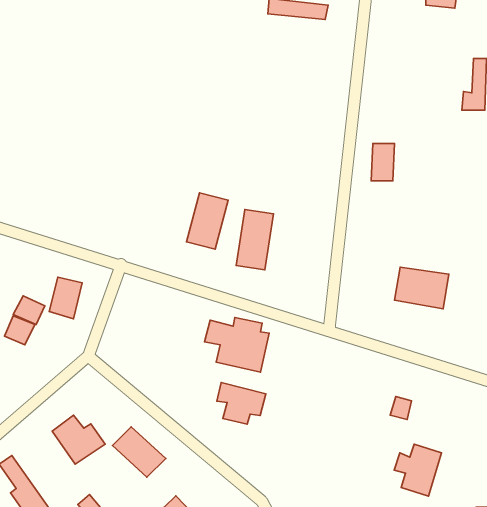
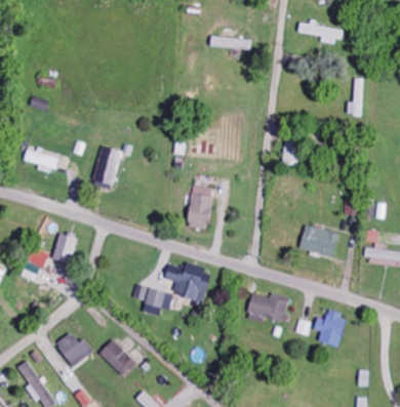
building: none -> [25,149,57,173]
building: [186,193,228,249] -> [92,146,122,186]
building: none -> [246,292,290,323]
building: [217,382,266,424] -> [138,286,173,316]
building: [394,444,442,496] -> [314,311,348,348]

